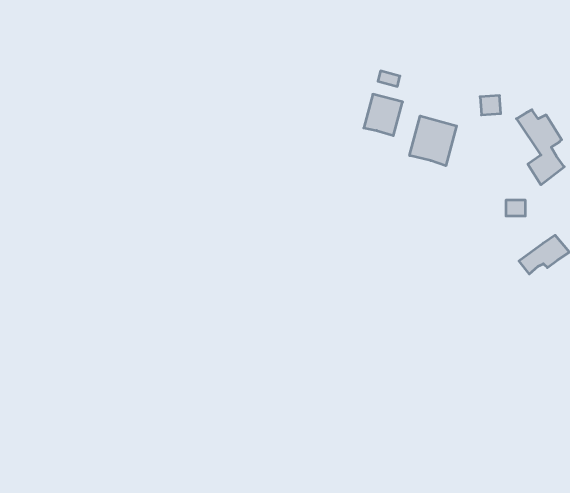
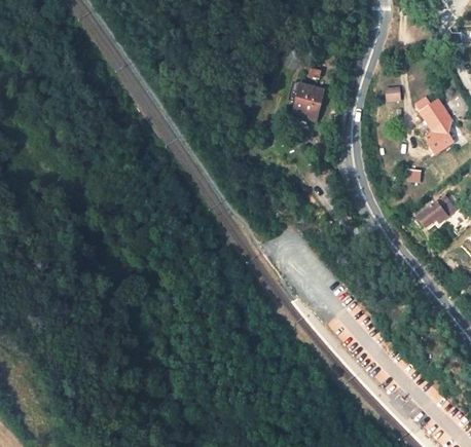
building: [410,116,457,166] -> none

